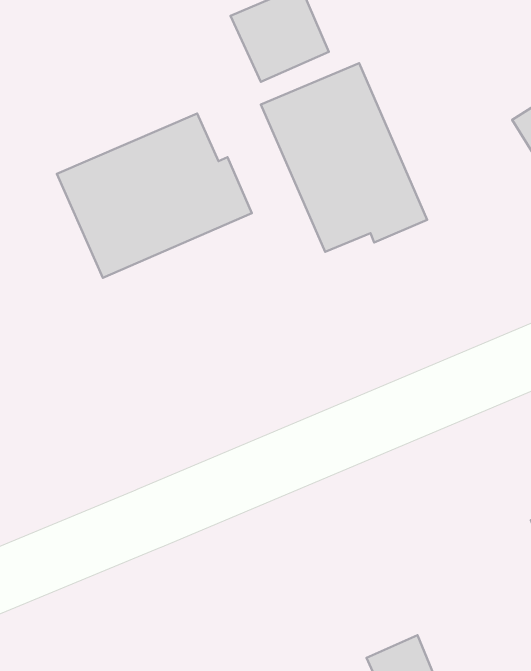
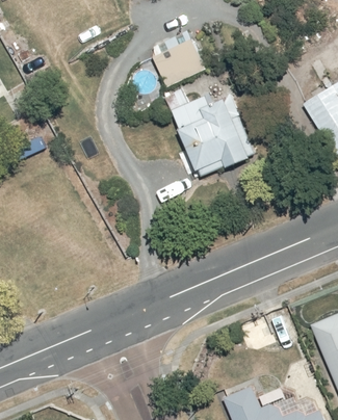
building: [57,113,252,278] -> none

